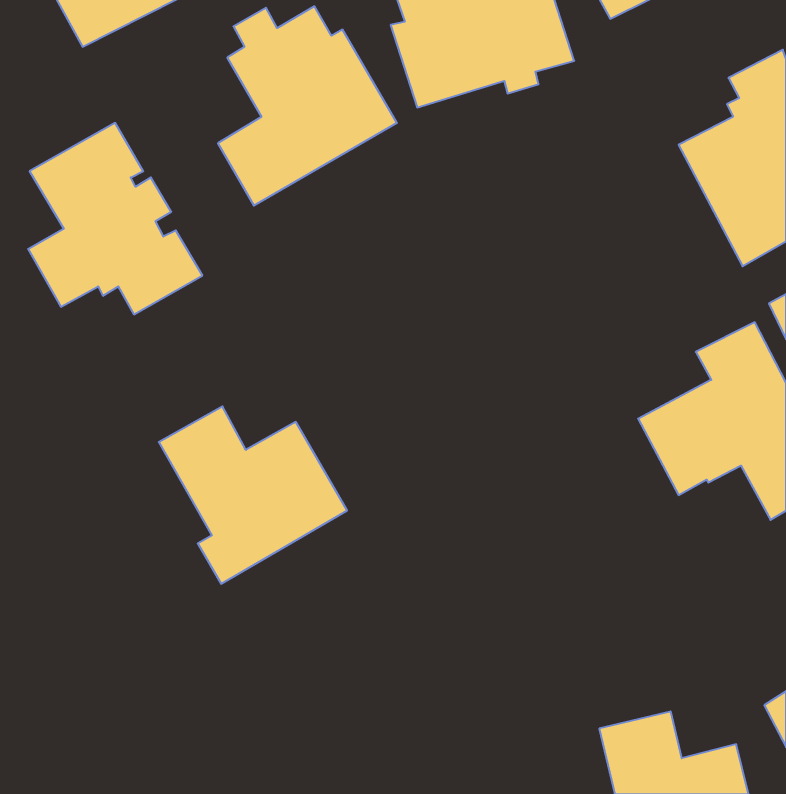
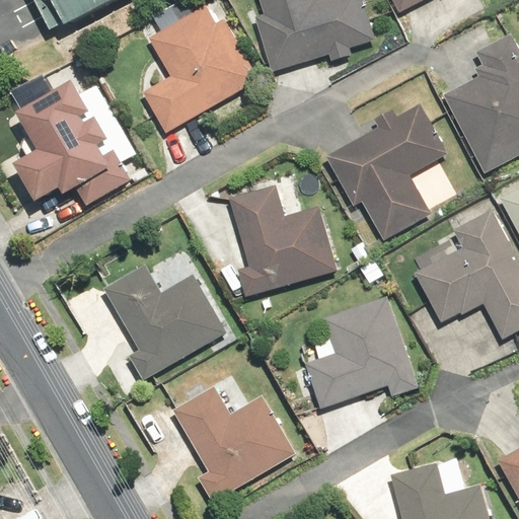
building: none -> [325,103,447,240]
building: none -> [229,186,337,297]
building: none -> [304,297,418,409]
building: none -> [173,385,296,501]

